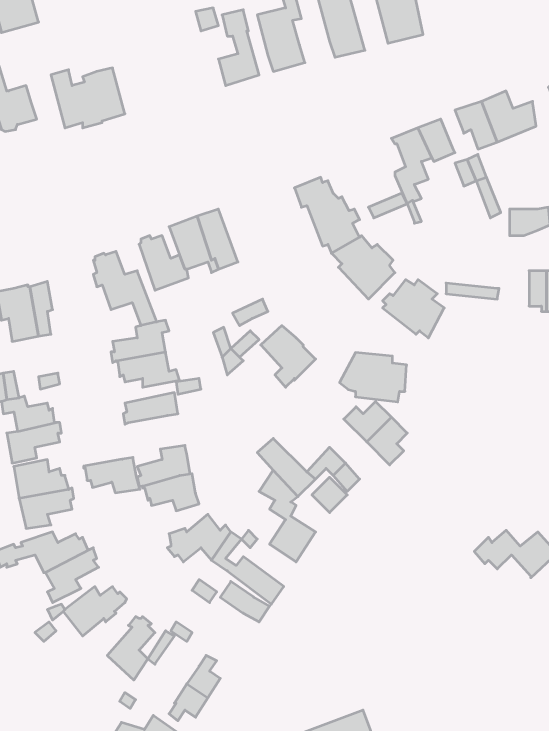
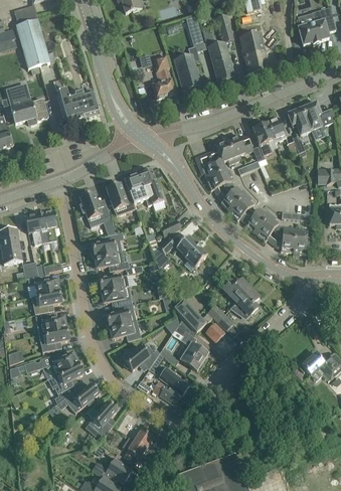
building: none -> [210,132,252,163]
building: [340,353,407,402] -> [272,224,310,253]
building: [84,457,140,493] -> [101,285,133,305]

